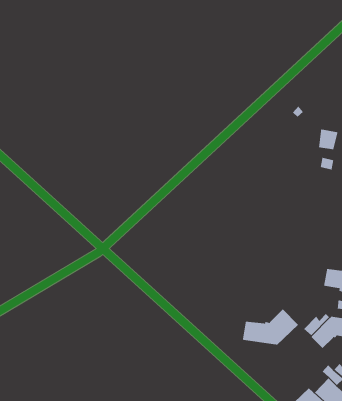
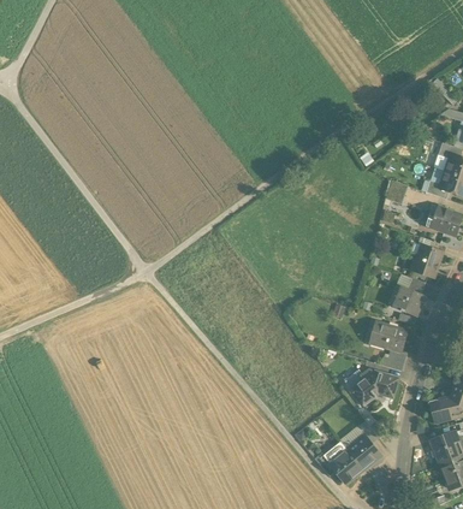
building: [242,308,299,346] -> none

